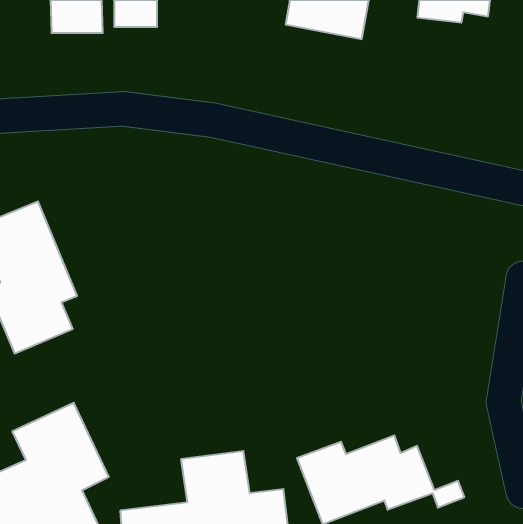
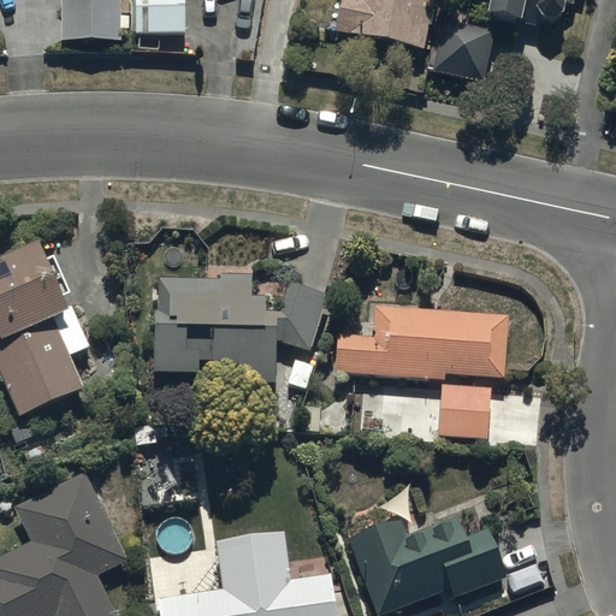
building: none -> [428,19,492,73]
building: none -> [154,273,325,384]
building: none -> [333,303,509,379]
building: none -> [439,384,488,437]

